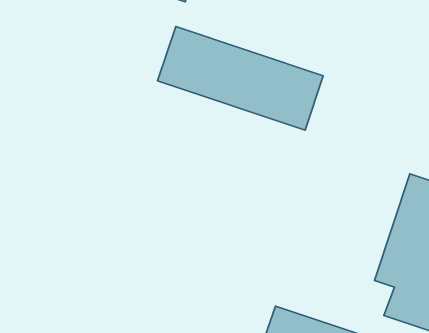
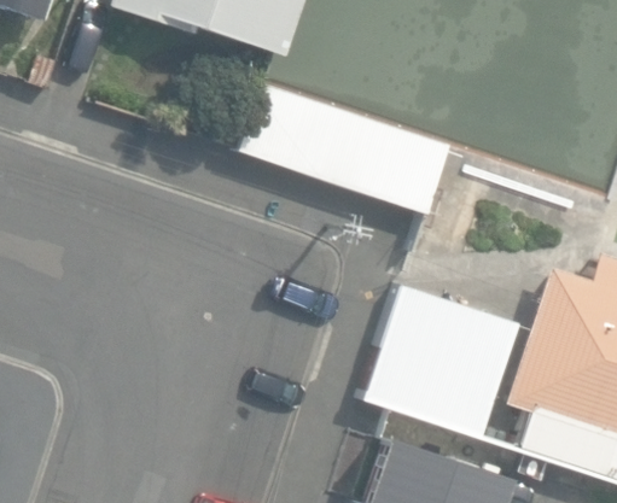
building: none -> [366,287,519,438]

